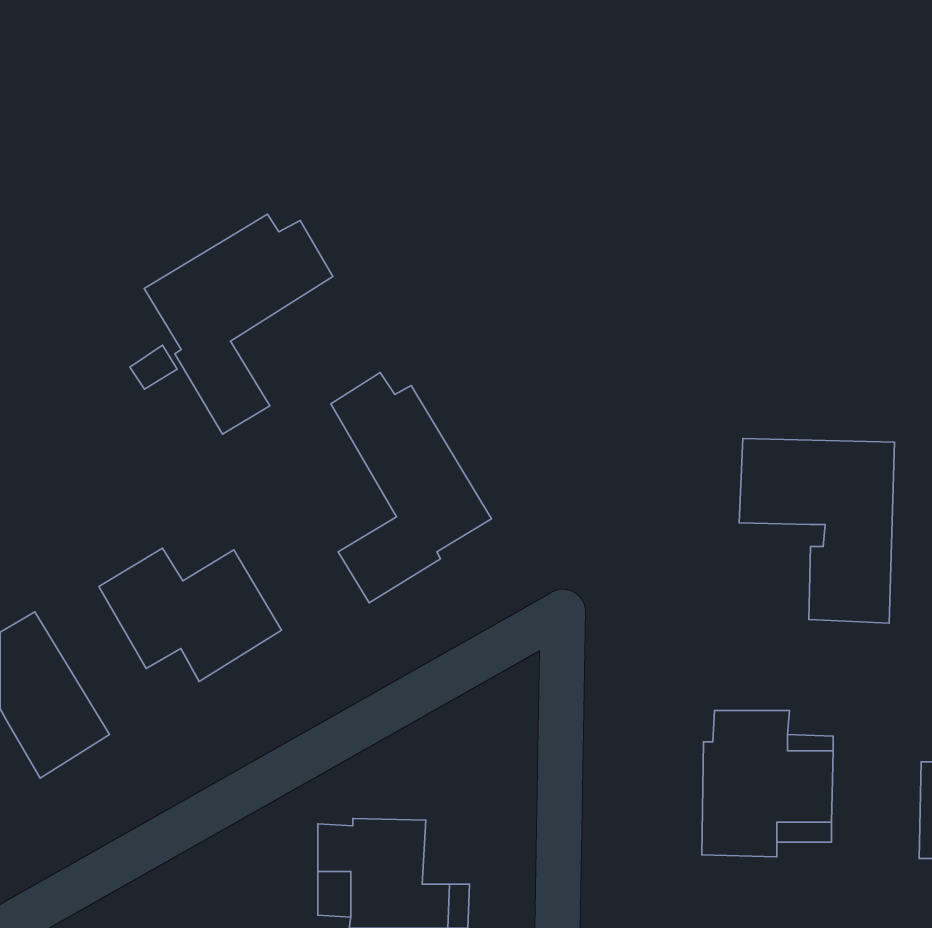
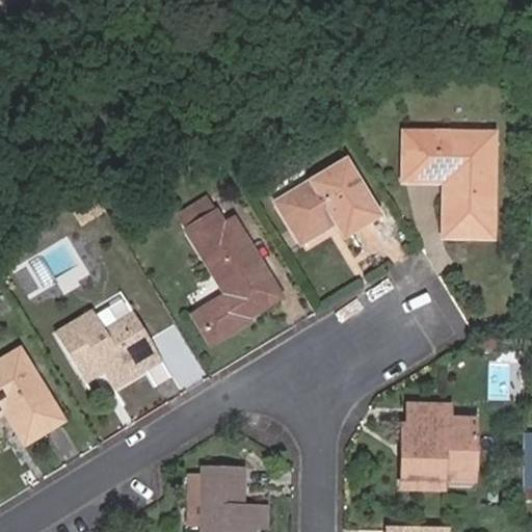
building: [144,214,333,434] -> none
building: none -> [277,159,379,241]
building: [739,439,895,623] -> [405,131,494,236]

